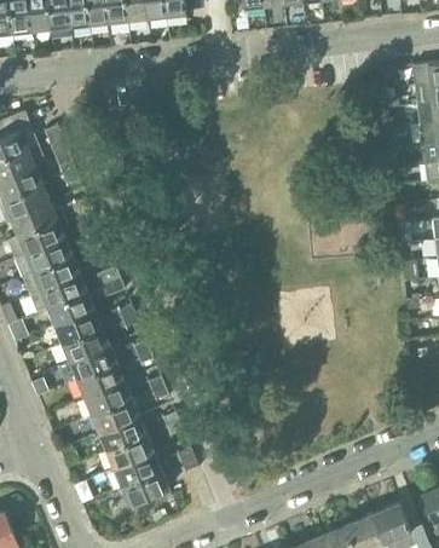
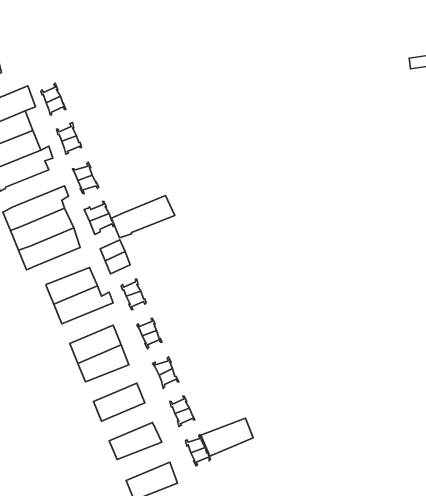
building: [11,203,65,237] -> none
building: [30,275,88,313] -> [112,196,175,238]
building: [63,325,115,363] -> none
building: [85,382,132,416] -> none
building: [99,417,146,452] -> none
building: [114,454,162,489] -> [201,418,253,456]

